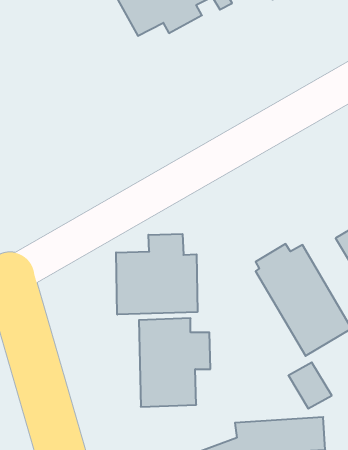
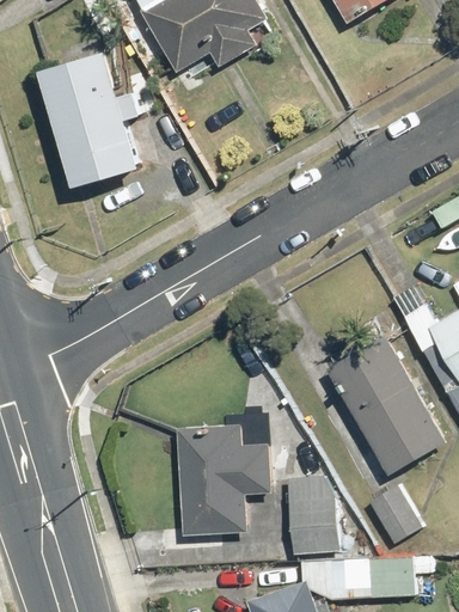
building: none -> [39,49,145,186]
building: [116,234,197,315] -> none
building: none -> [287,473,338,555]

